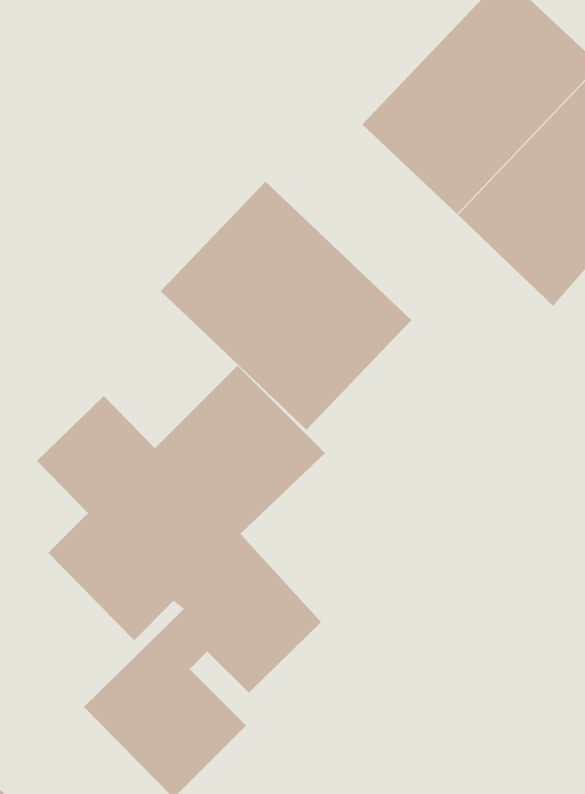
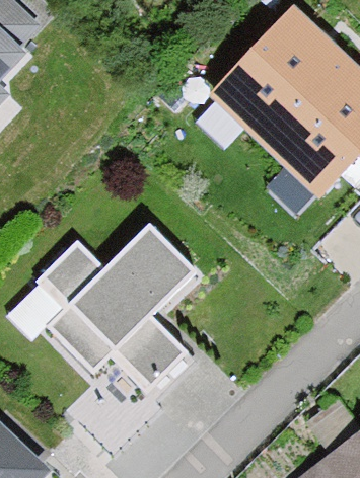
building: [160,181,412,430] -> none

